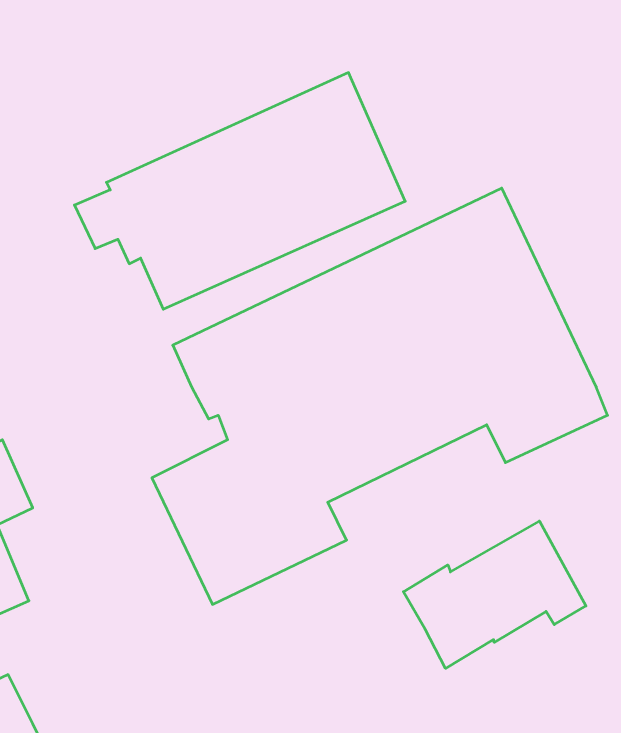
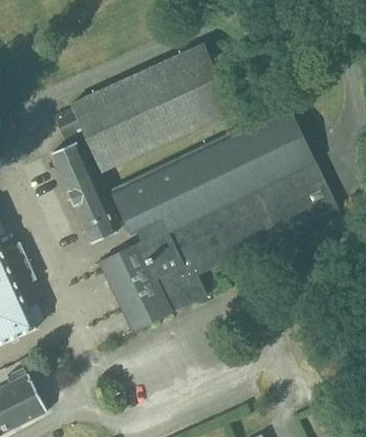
building: none -> [52,142,115,242]
building: [403,521,586,668] -> none

